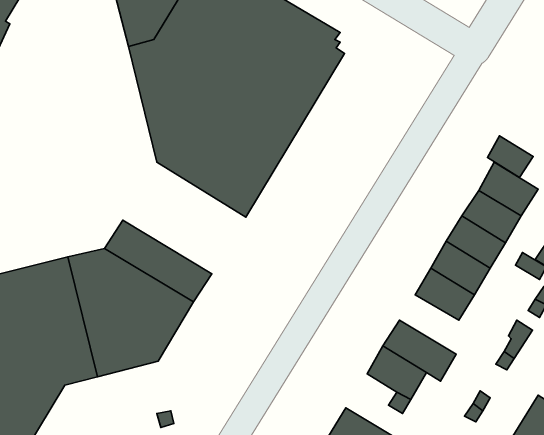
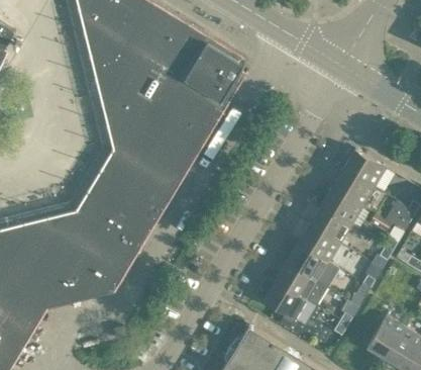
building: [487,136,533,178] -> none
building: none -> [88,150,176,229]
building: none -> [286,245,337,287]

